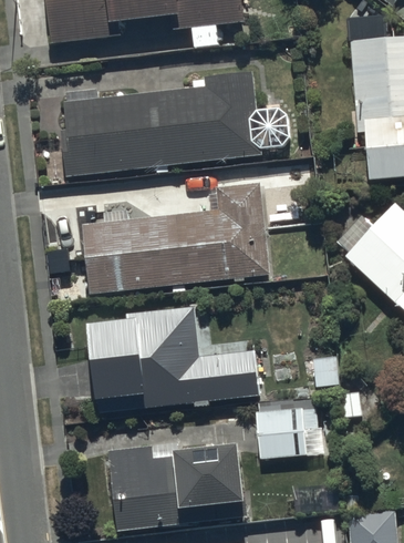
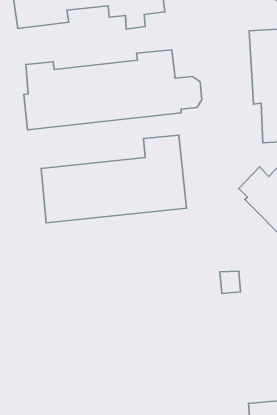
building: [87,306,261,417] -> none
building: [256,403,320,458] -> none
building: [107,447,246,530] -> none

